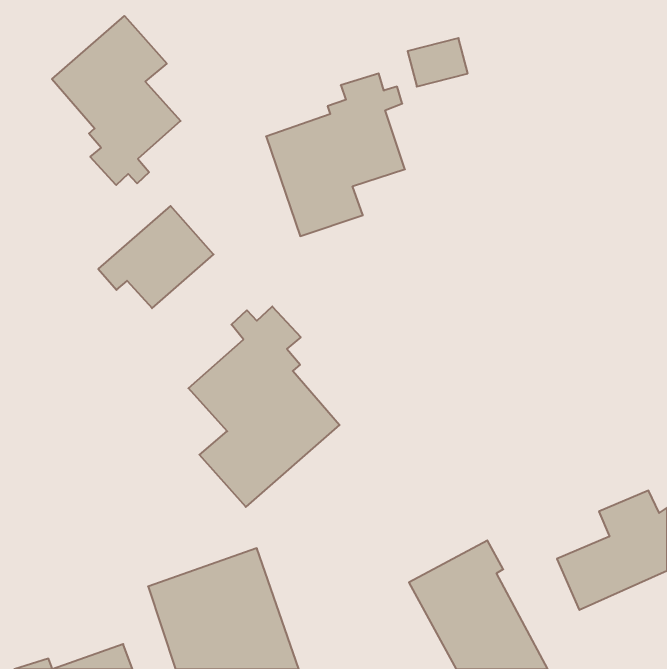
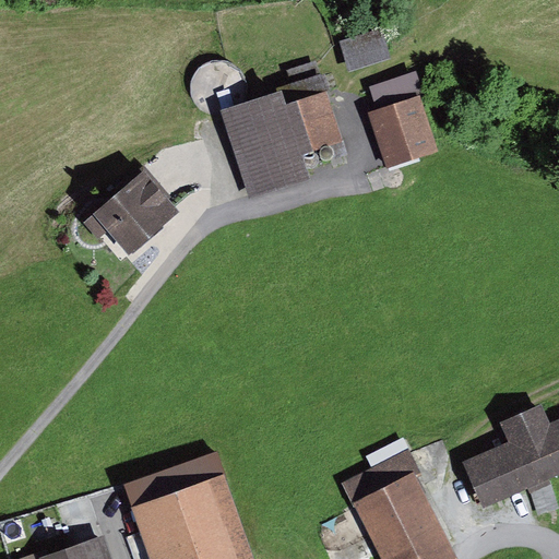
building: [52,16,181,185] -> none
building: none -> [368,74,439,170]
building: [188,306,340,507] -> none

